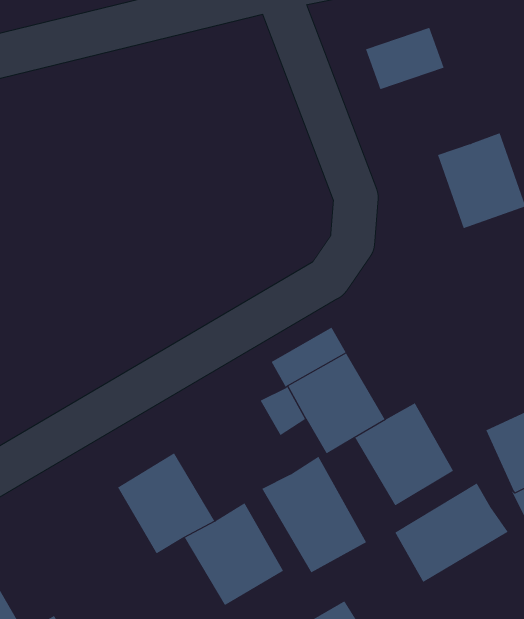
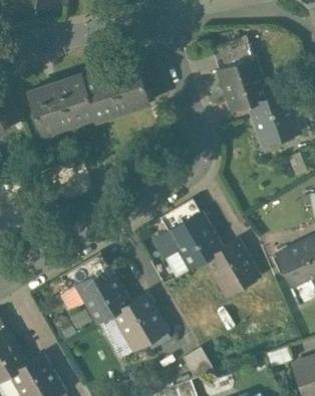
building: none -> [219,59,268,112]
building: none -> [28,63,148,135]
building: [262,456,367,573] -> none
building: [394,483,509,583] -> none

